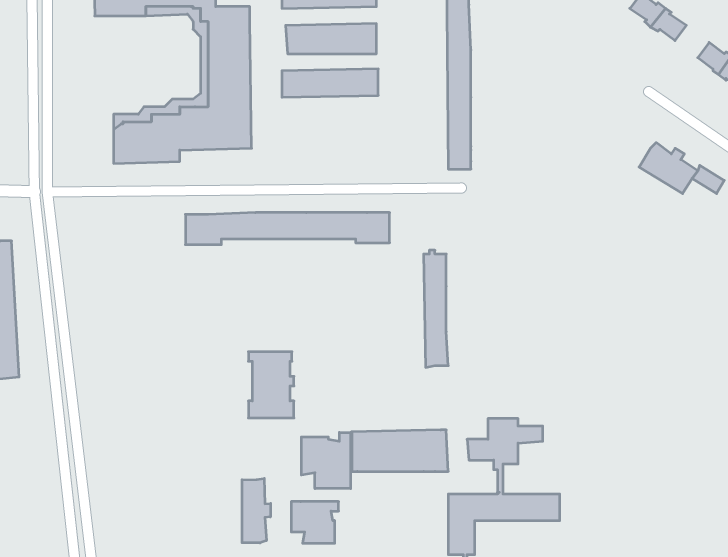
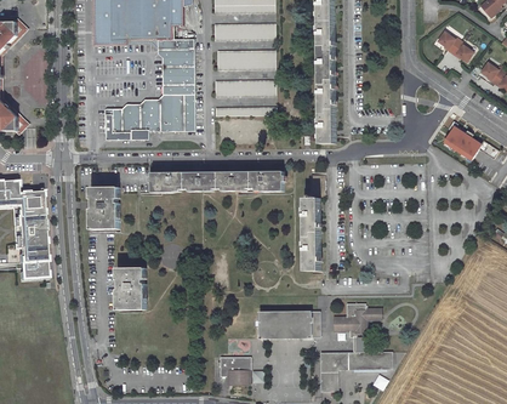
building: none -> [90,187,119,228]
building: [248,352,294,418] -> [116,267,146,309]
building: [301,432,351,489] -> none
building: [242,478,271,543] -> none

